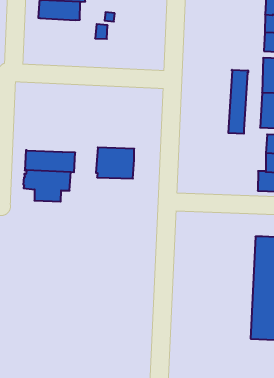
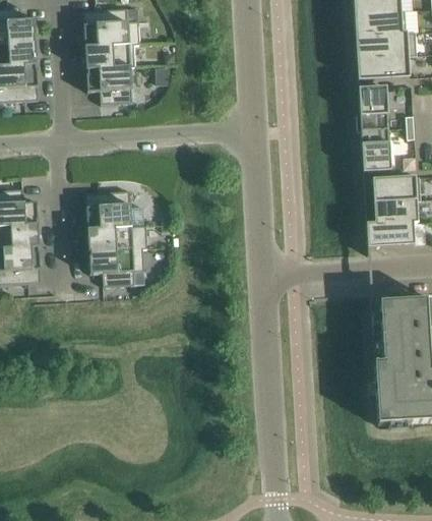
building: none -> [86,66,132,104]
building: [228,70,248,134] -> none
building: [96,147,134,179] -> [85,189,131,228]

